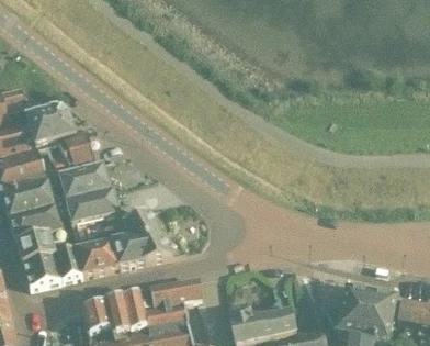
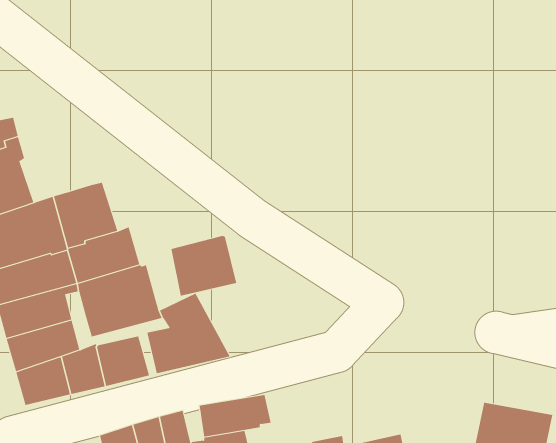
building: [26,109,75,148] -> none
building: none -> [171,235,237,297]

